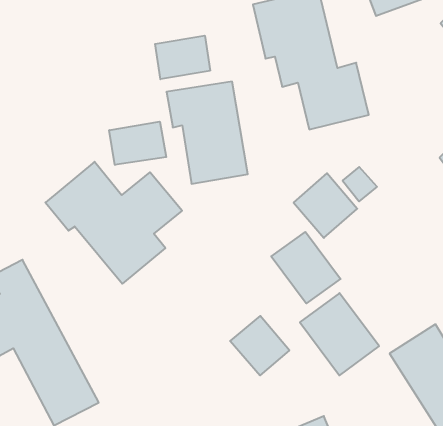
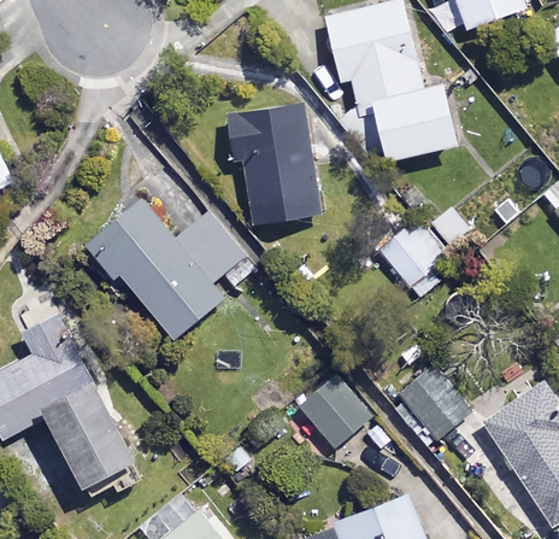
building: [155,36,210,79] -> none
building: [109,122,166,165] -> none
building: [271,232,341,303] -> none

